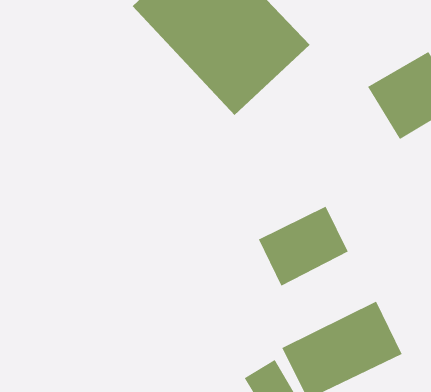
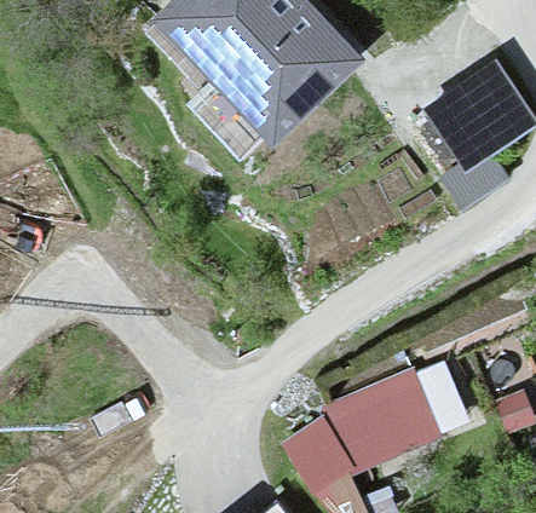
building: [258,206,349,286] -> none

